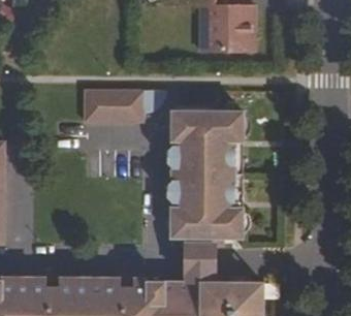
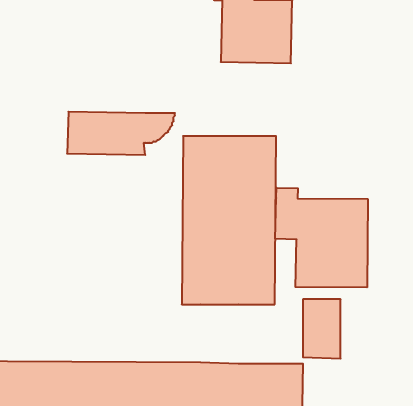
building: none -> [275,188,368,287]
building: [185,236,214,282] -> [303,299,341,359]

